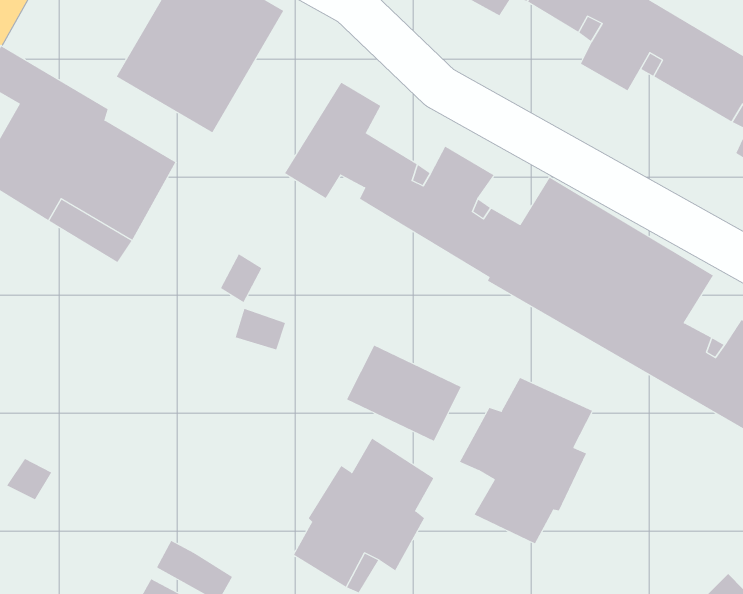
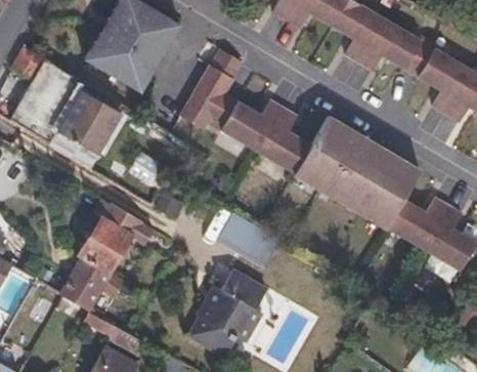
building: none -> [64,196,151,305]
building: [459,377,593,544] -> none

